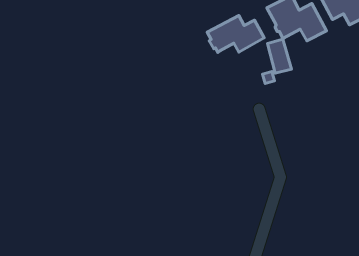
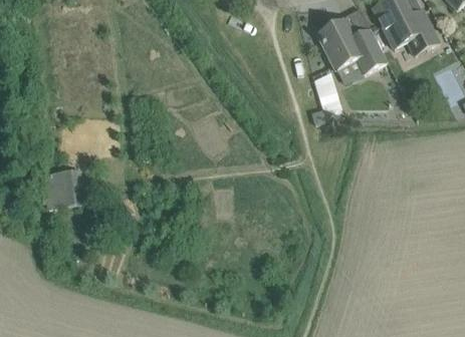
building: [207,15,264,52] -> none
building: none -> [44,170,84,207]

